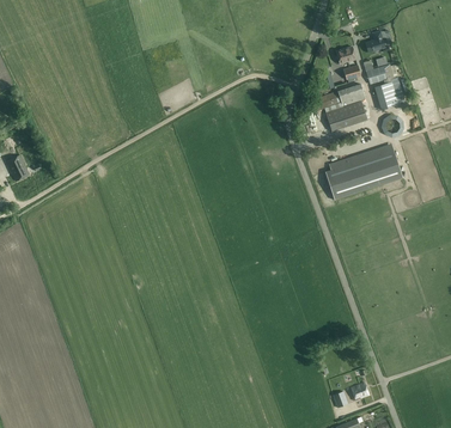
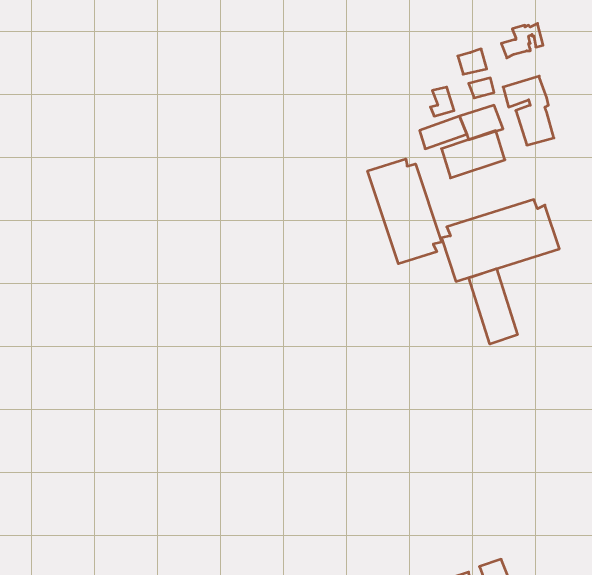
building: none -> [368,159,442,264]
building: none -> [469,269,517,344]

